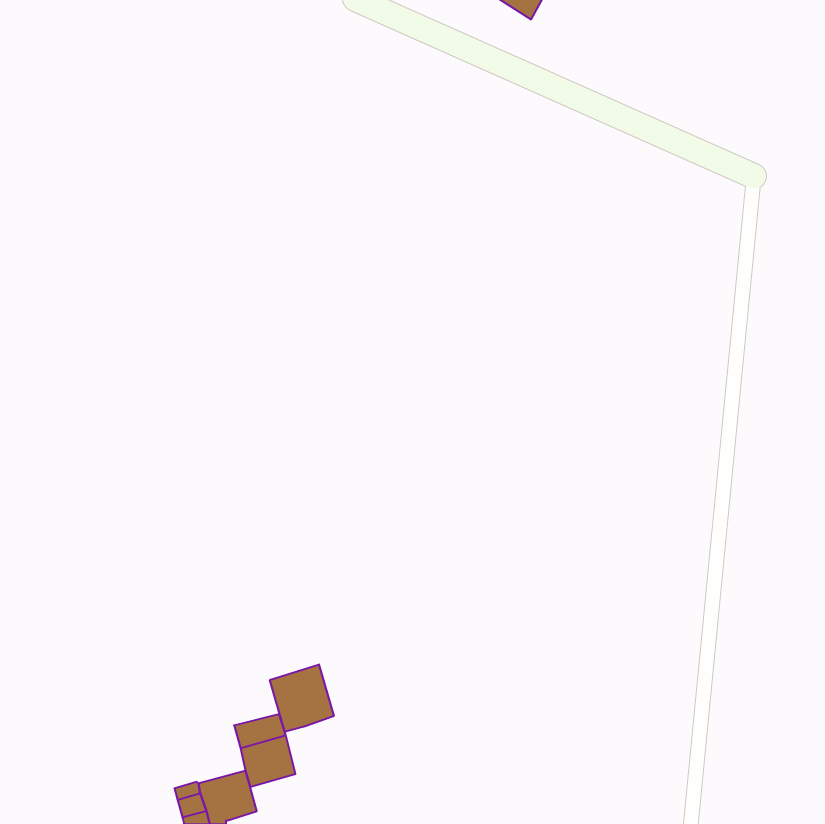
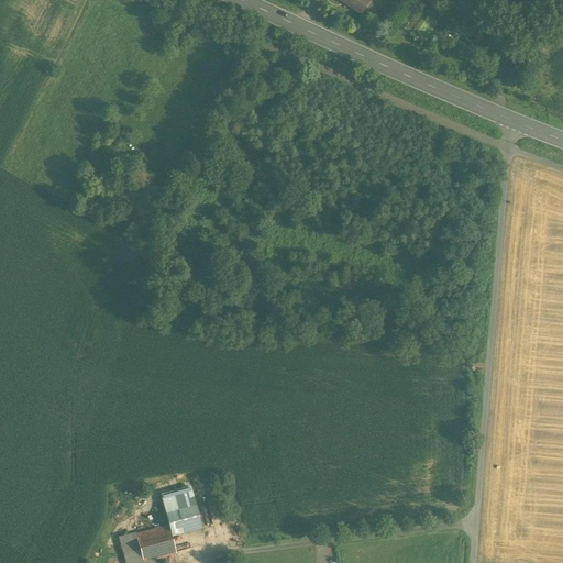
building: [270,664,334,732] -> none

